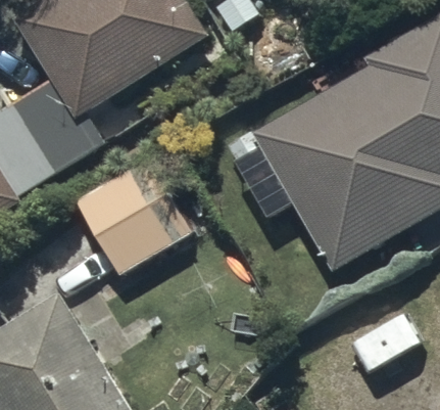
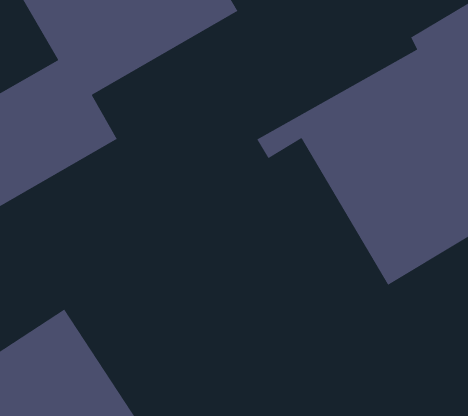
building: [72,156,187,274] -> none

